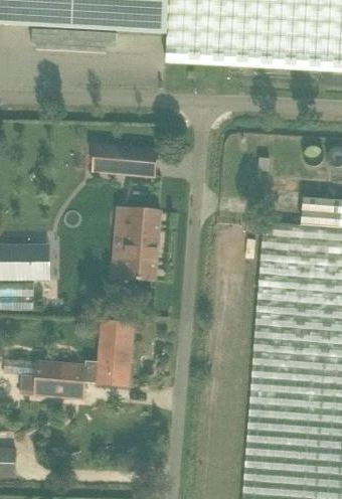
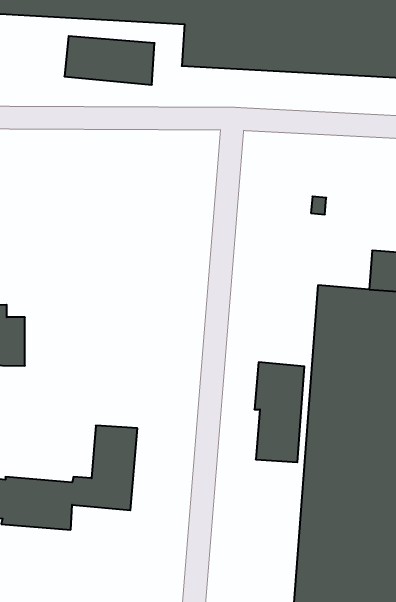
building: [94,142,159,177] -> [64,36,155,85]
building: [124,207,160,280] -> [254,362,304,462]

